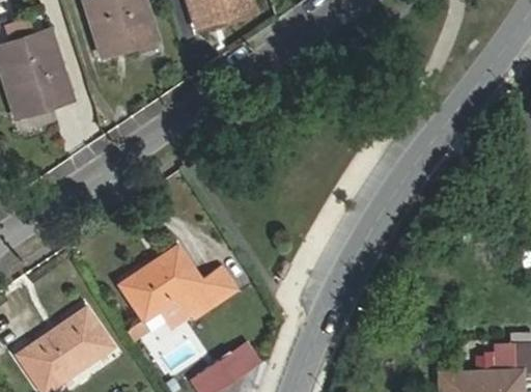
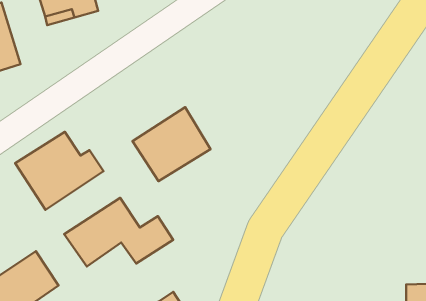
building: none -> [133,107,210,181]
building: none -> [15,132,104,210]

